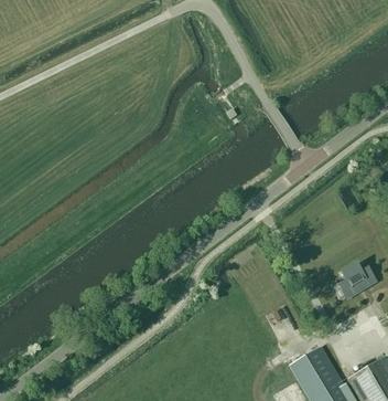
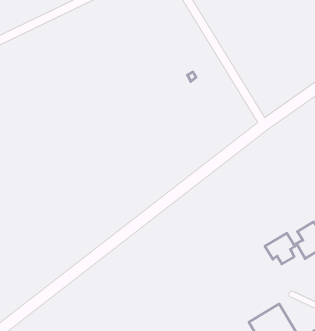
building: none -> [265,233,295,264]

